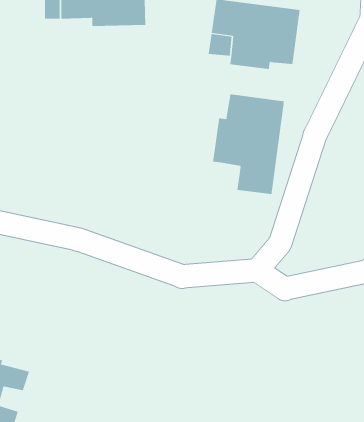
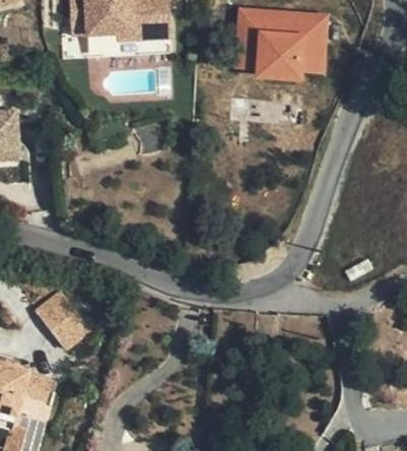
building: [213,93,284,195] -> none
building: none -> [37,291,90,347]

